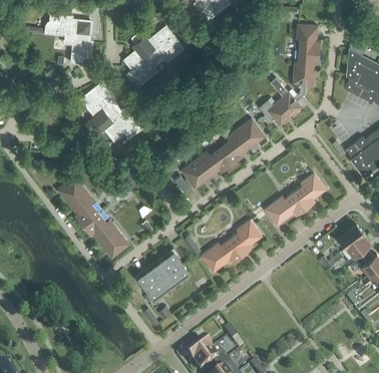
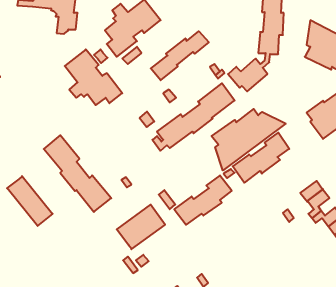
building: none -> [151,31,209,80]
building: none -> [212,109,286,170]
building: none -> [7,176,53,226]

